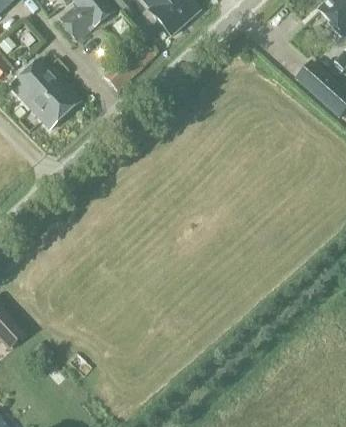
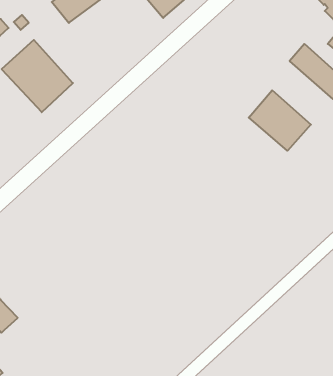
building: none -> [249,90,311,151]

